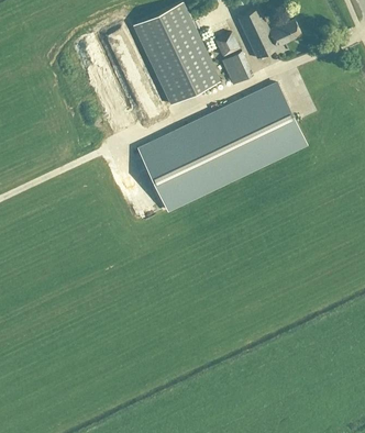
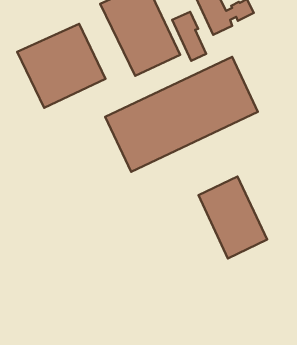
building: none -> [17,24,105,108]
building: none -> [199,176,267,259]

